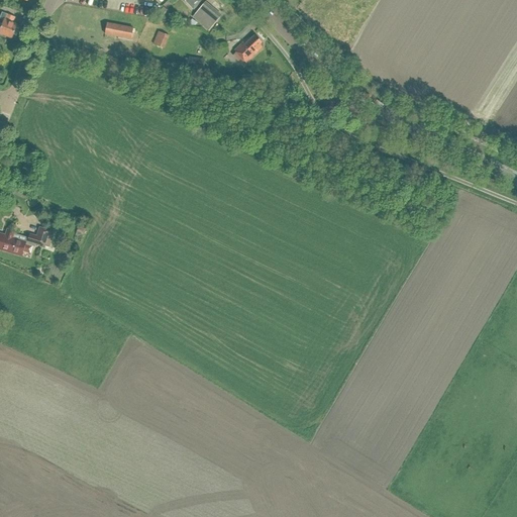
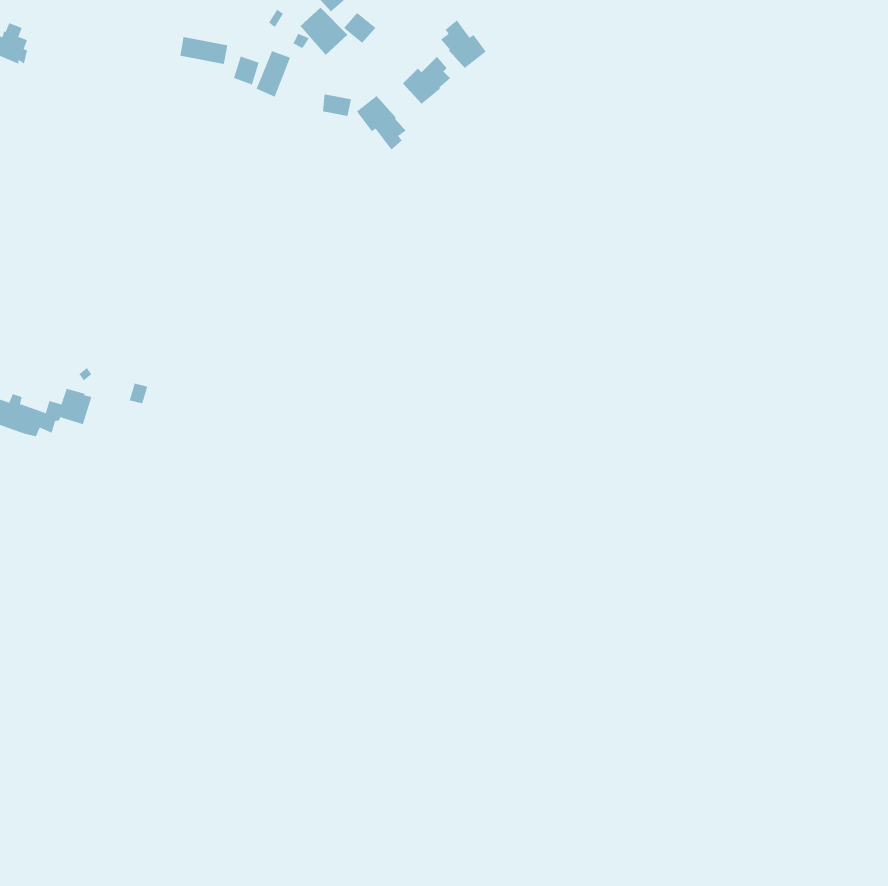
building: none -> [440,19,486,69]
building: none -> [356,95,407,150]

